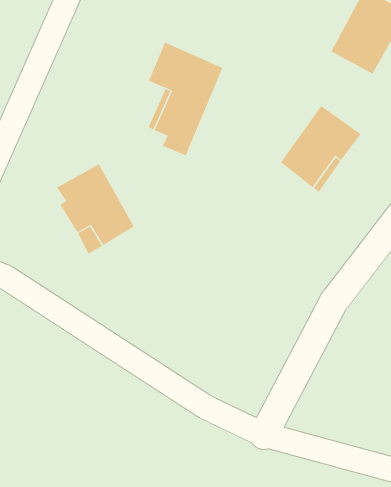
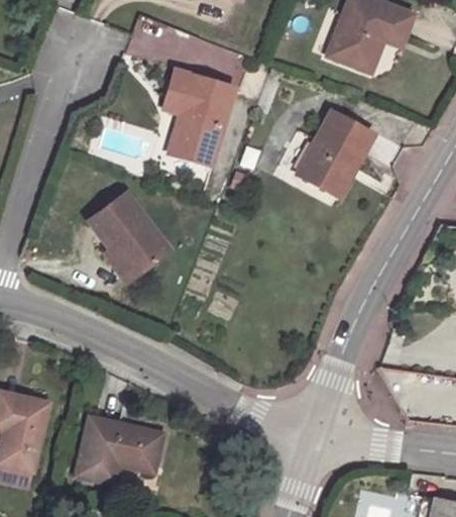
building: none -> [75,415,161,483]

